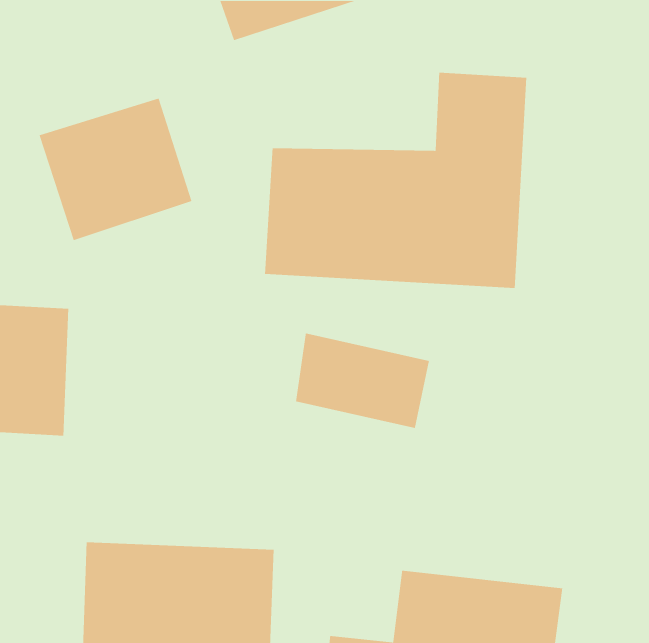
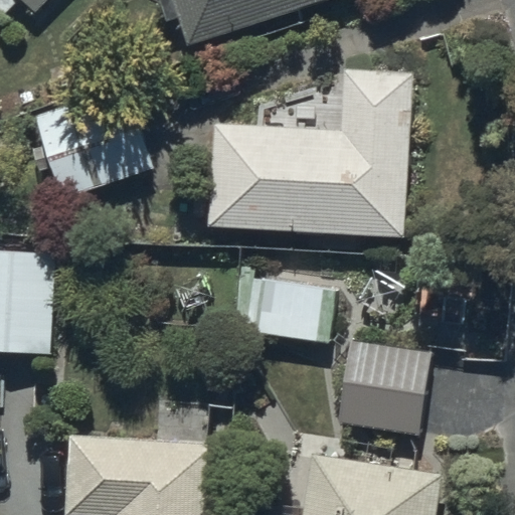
building: none -> [339,345,430,435]

